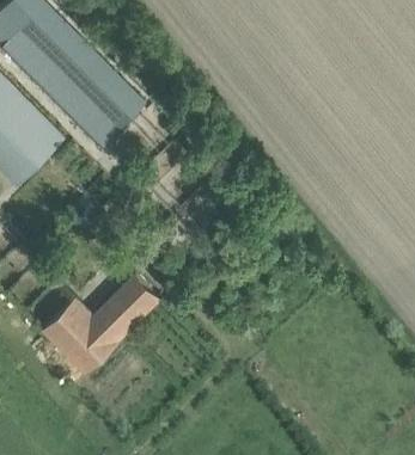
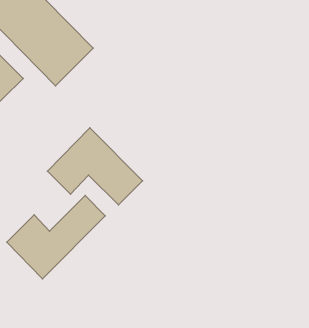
building: none -> [47,128,143,205]

